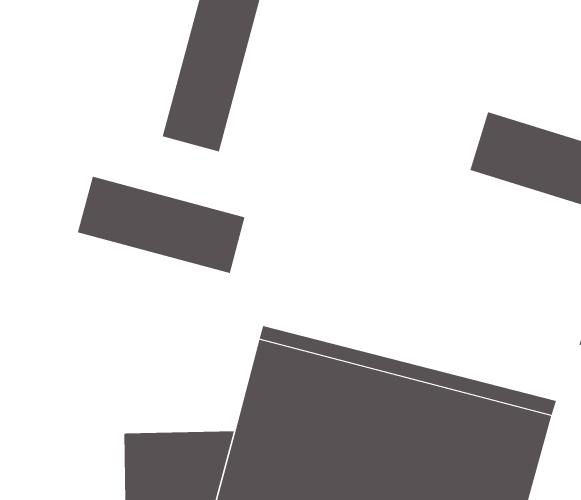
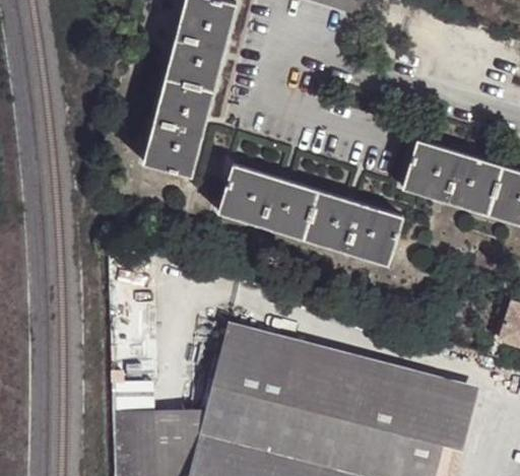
building: none -> [219,165,404,266]
building: [77,176,245,274] -> none

